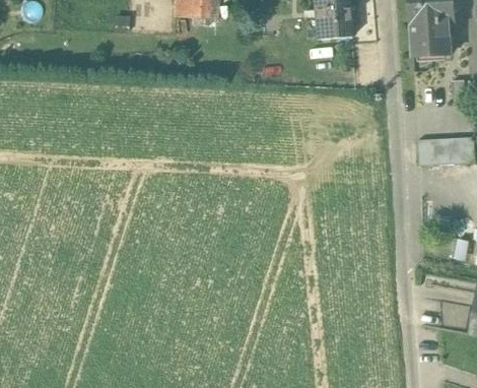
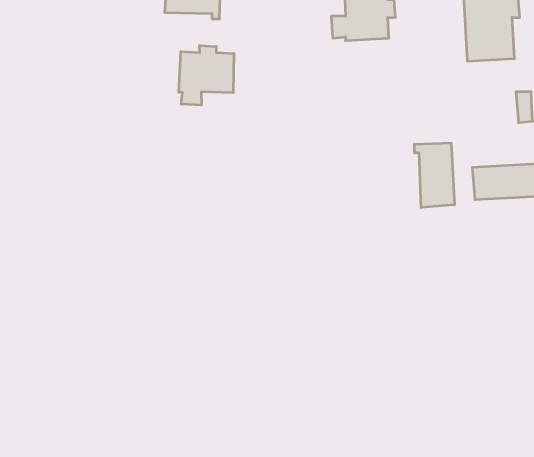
building: none -> [179,45,234,105]
building: none -> [414,143,454,208]

